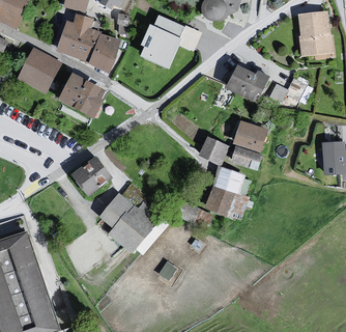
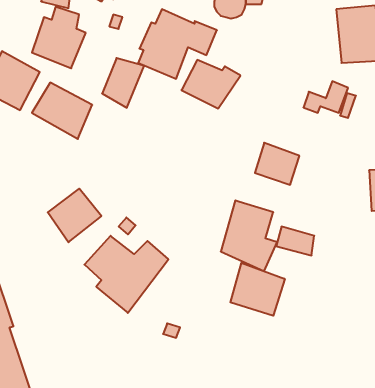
building: [87,33,120,73] -> [102,58,144,108]
building: [223,64,269,103] -> [181,60,240,108]
building: [199,136,229,167] -> none
building: [230,146,260,169] -> [276,227,314,255]
building: none -> [230,263,285,316]

